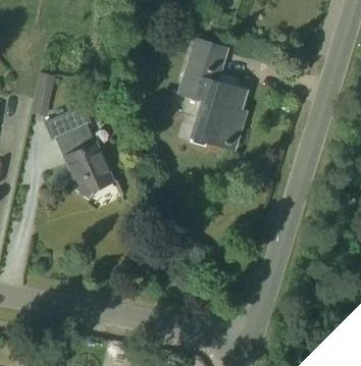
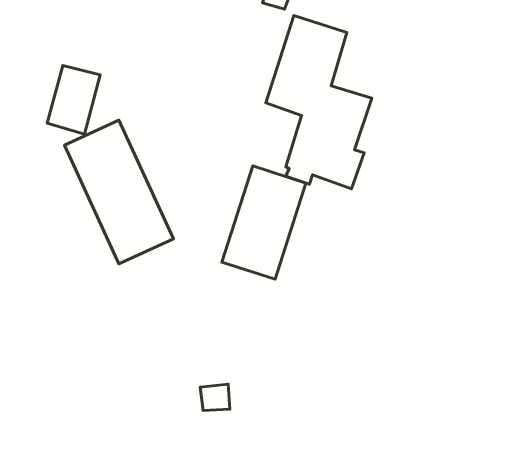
building: none -> [222,166,306,279]

